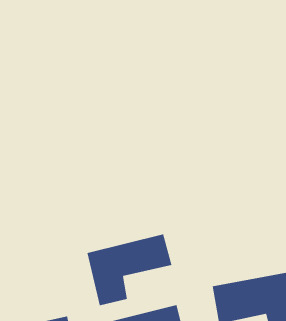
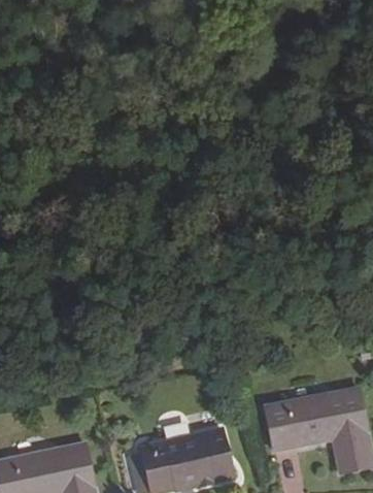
building: [87,234,172,306] -> none

